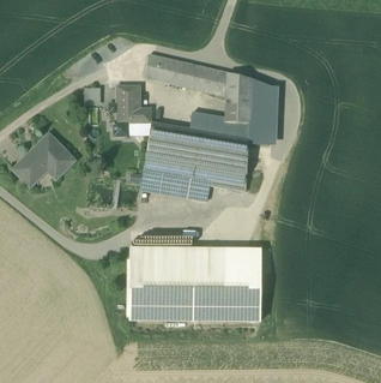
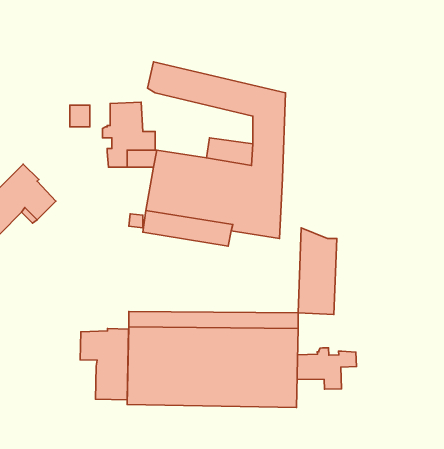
building: [248,77,278,144] -> [298,228,337,314]
building: none -> [80,329,129,400]
building: none -> [297,348,356,389]

